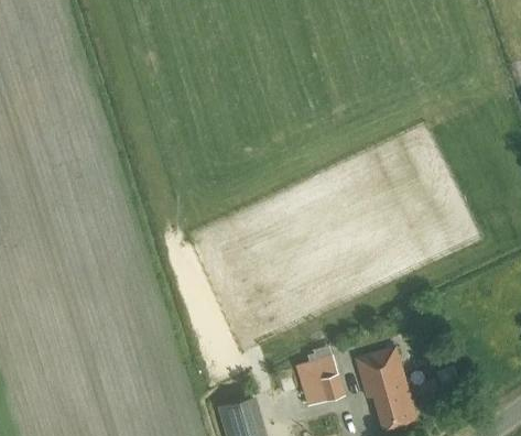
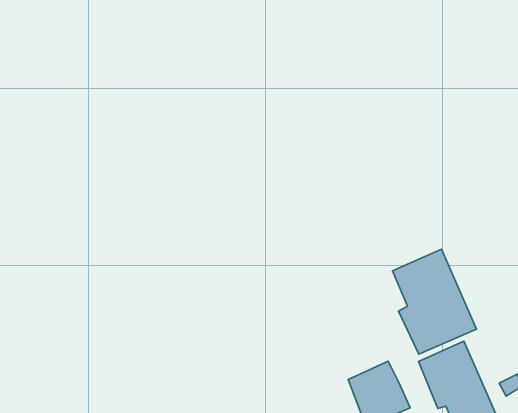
building: none -> [392,249,477,354]

